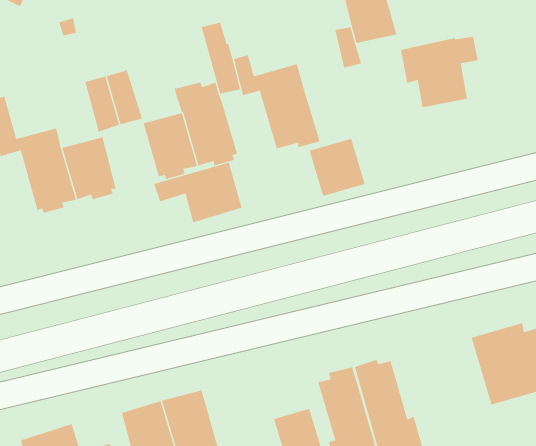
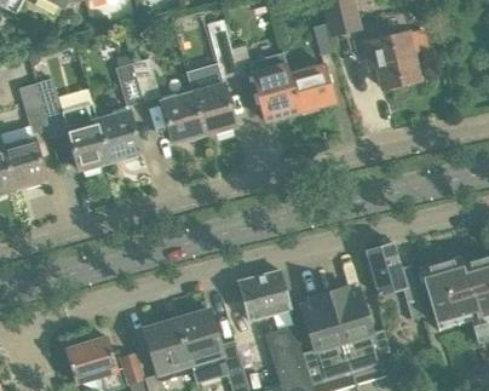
building: [309,138,365,197] -> [289,64,334,110]
building: [154,162,242,223] -> none
building: none -> [363,243,424,320]
building: none -> [237,270,288,321]

